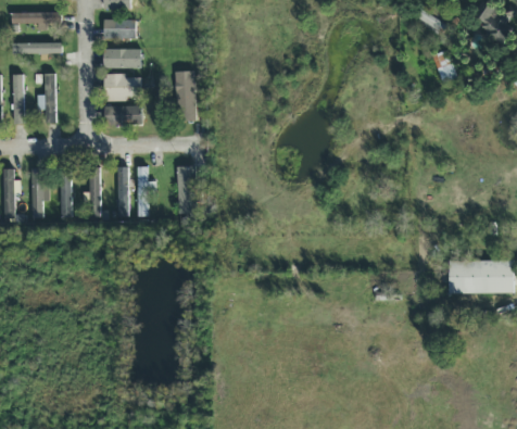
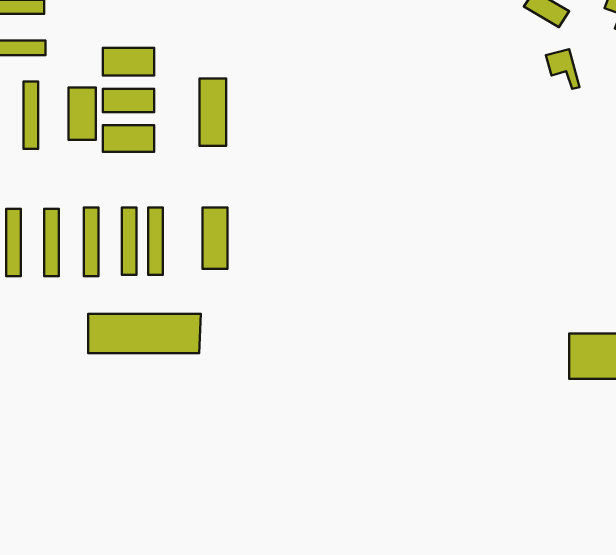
building: [104,18,137,38] -> none
building: none -> [68,87,96,140]
building: none -> [88,314,201,353]

